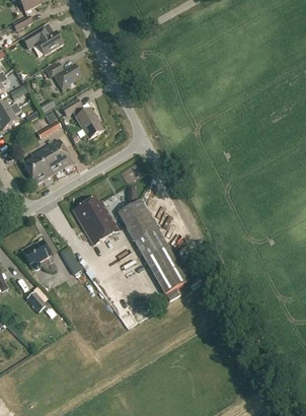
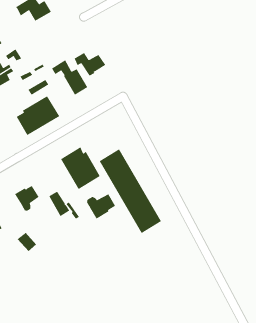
building: [47,61,83,88] -> [74,52,106,76]
building: none -> [86,194,116,220]

